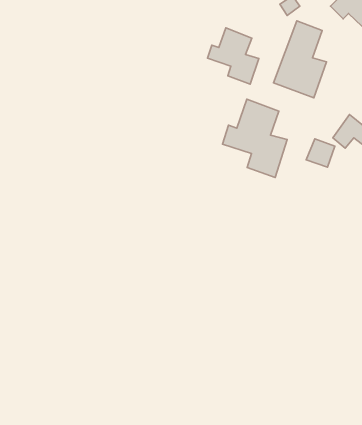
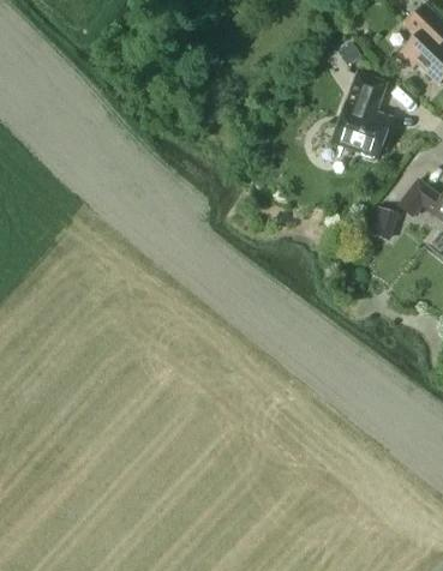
building: [208,28,259,84] -> none
building: [222,99,287,177] -> none

